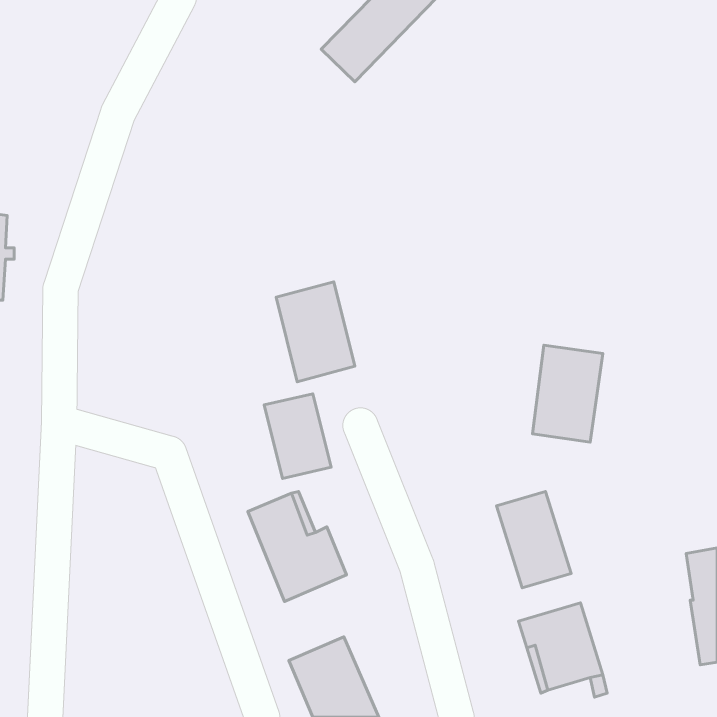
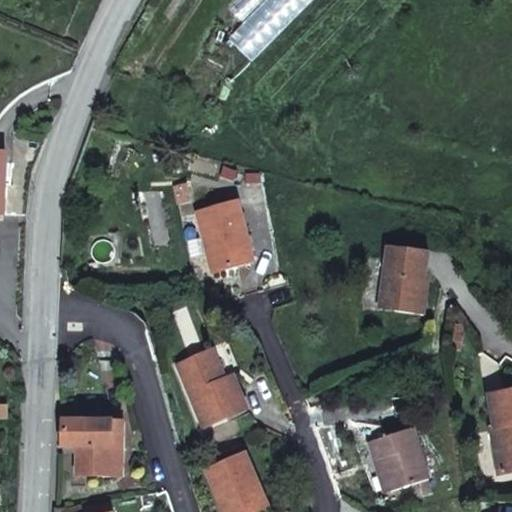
building: [264,394,331,478] -> none
building: [497,492,571,588] -> none
building: none -> [61,420,124,476]

